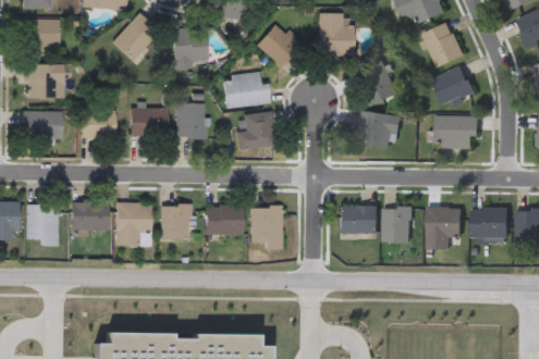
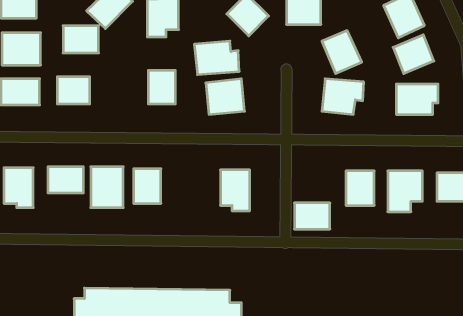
building: [131,107,168,135] -> [63,26,99,53]
building: [206,205,242,234] -> none
building: [339,206,376,233] -> [294,203,330,229]

